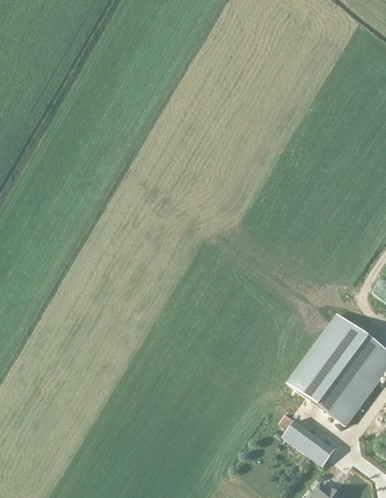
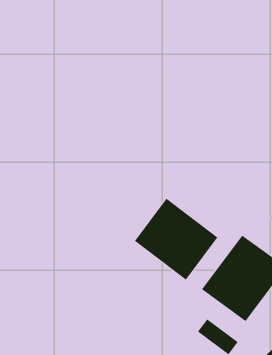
building: none -> [134,198,218,280]

